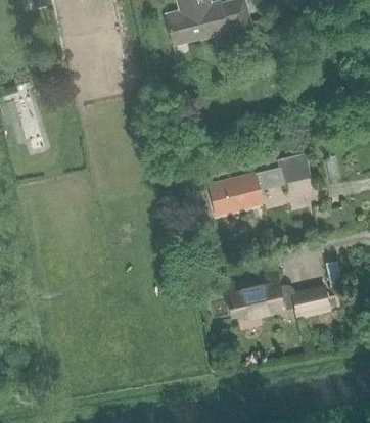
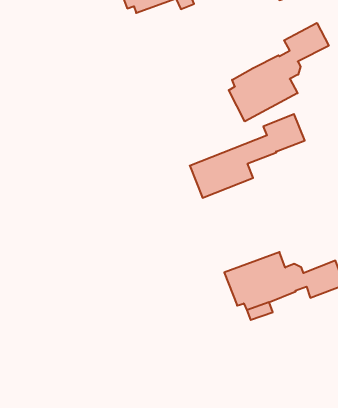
building: none -> [229,23,329,121]

